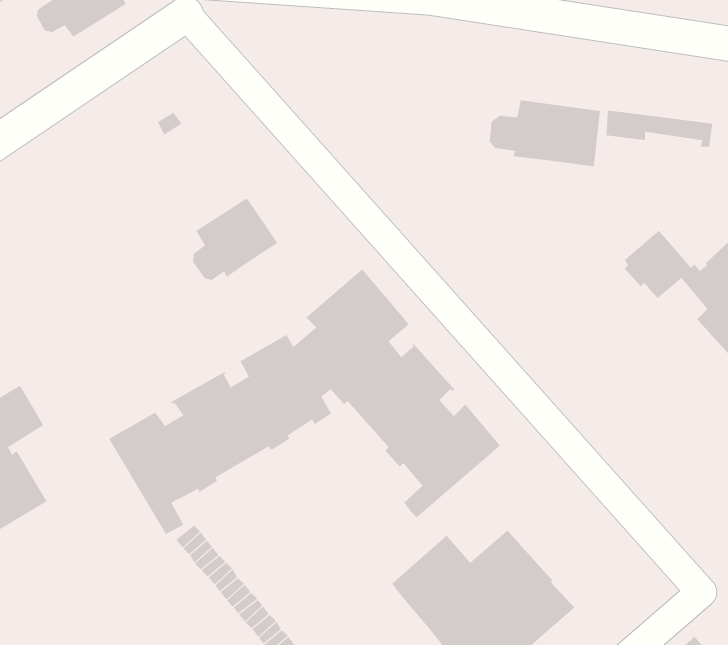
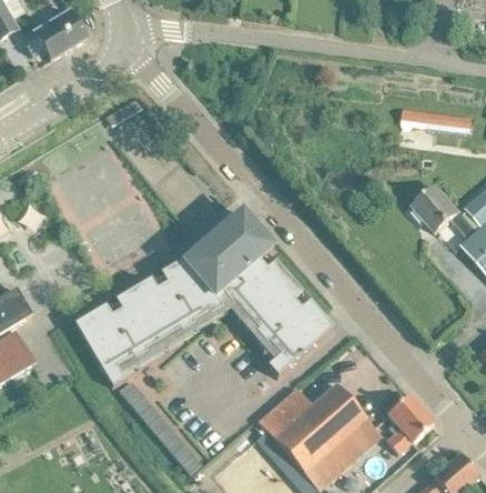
building: [489,99,600,167] -> none
building: [192,198,278,281] -> none
building: none -> [386,393,433,451]

